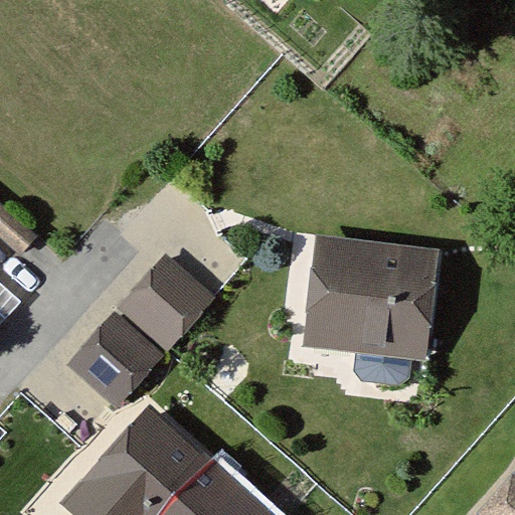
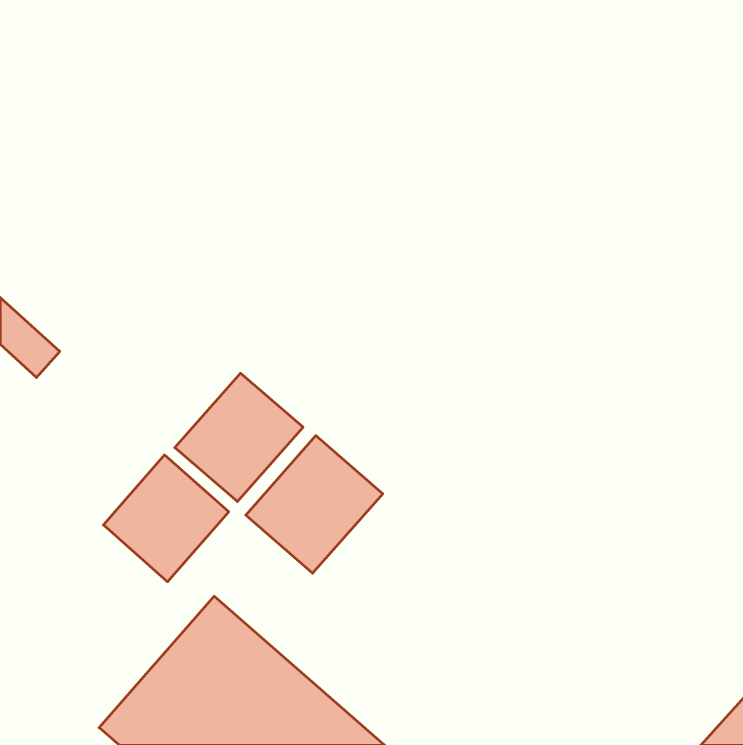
building: [310,239,434,352] -> none
building: none -> [246,436,383,573]

